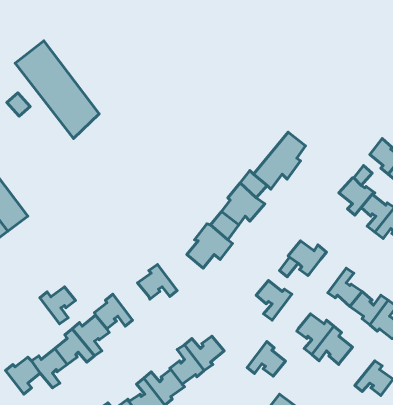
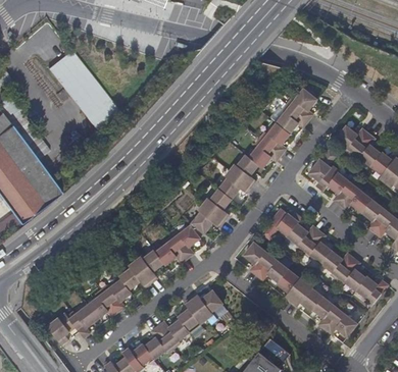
building: none -> [276,88,318,135]
building: none -> [167,221,196,254]
building: none -> [293,228,324,256]
building: [40,287,76,324] -> [131,248,160,278]
building: [247,342,285,376] -> [262,257,294,285]
building: none -> [318,301,347,332]

